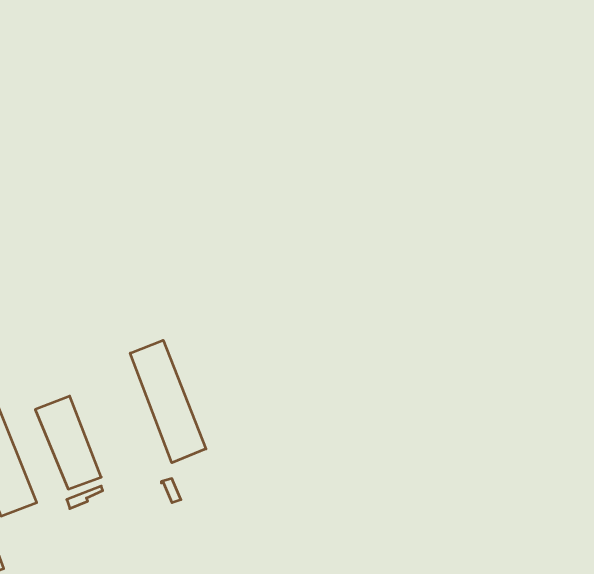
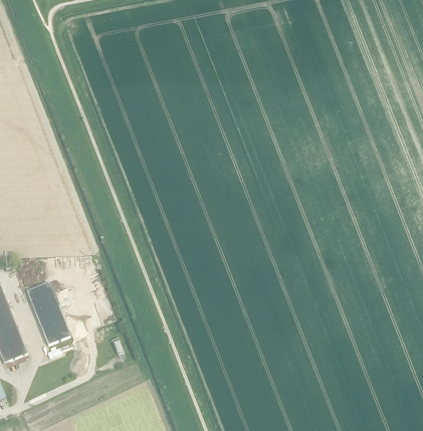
building: [130,340,206,463] -> none

